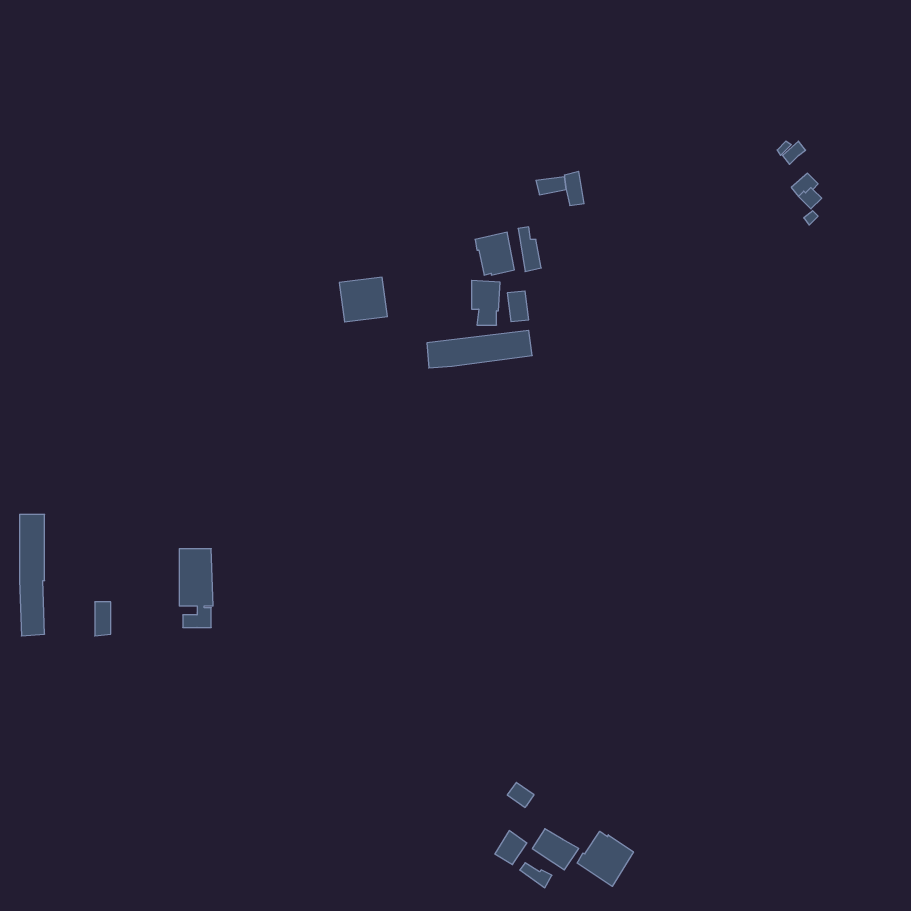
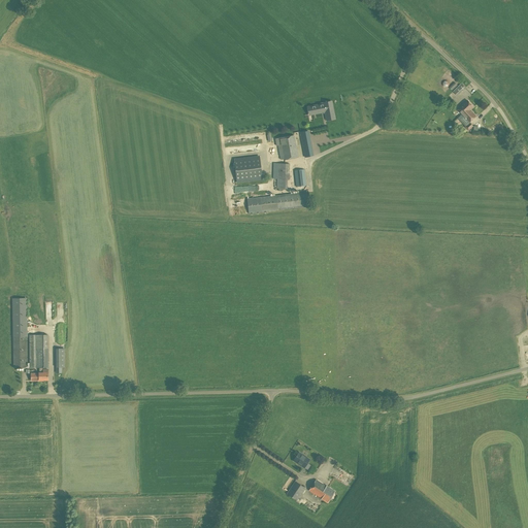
building: [339,277,387,322] -> [233,156,261,182]
building: [179,549,213,627] -> [28,334,47,380]
building: [577,831,633,886] -> none

